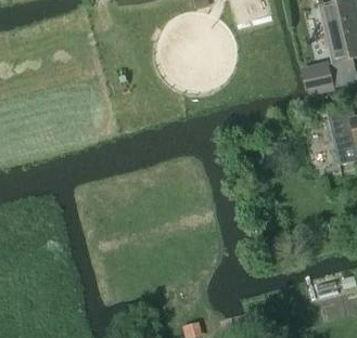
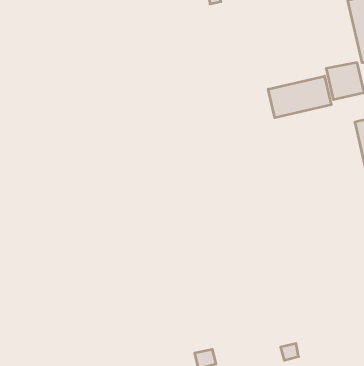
building: none -> [268,76,331,118]

